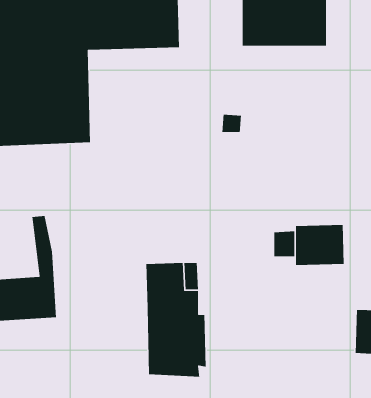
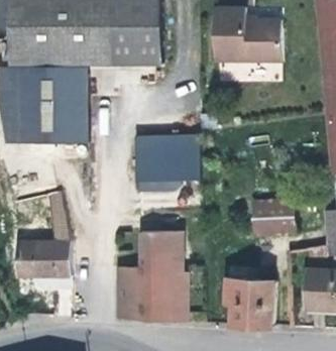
building: none -> [131,133,198,182]
building: none -> [116,268,140,322]
building: none -> [227,279,275,328]

